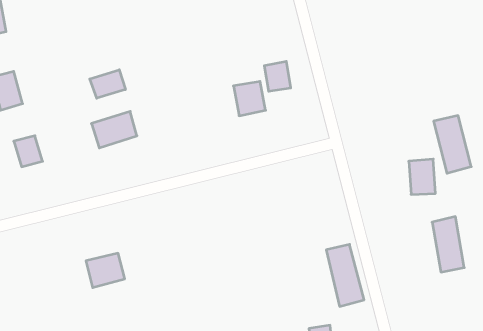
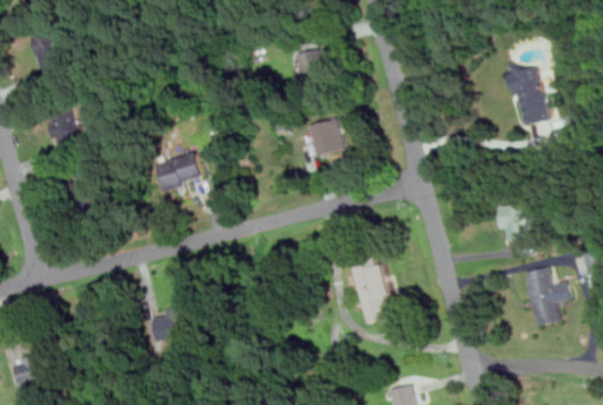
building: [264,61,291,91] -> [294,48,323,81]
building: [90,70,125,98] -> none
building: [434,116,471,173] -> [507,63,548,125]
building: [326,244,364,306] -> [351,256,392,323]

